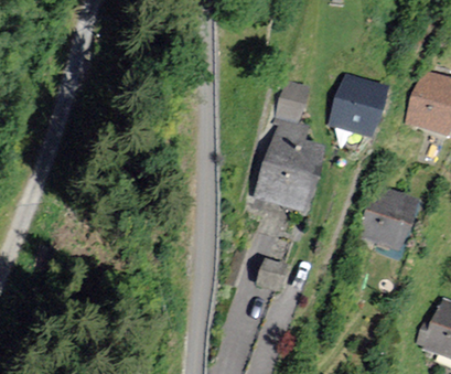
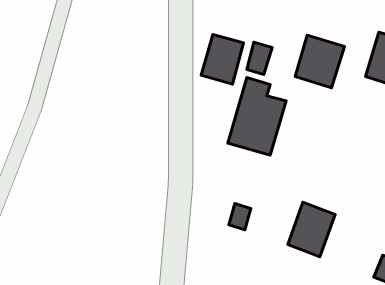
building: none -> [201,34,243,84]
building: [364,189,416,248] -> [288,202,335,257]

